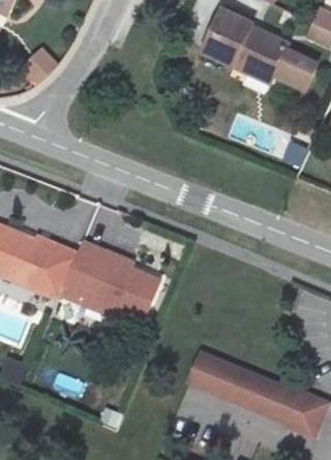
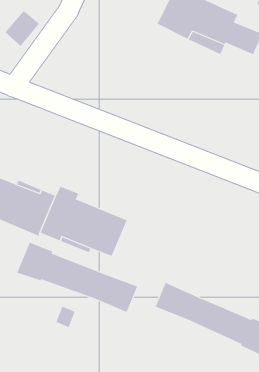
building: none -> [16,242,138,313]

